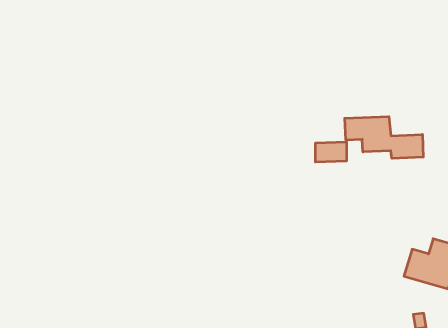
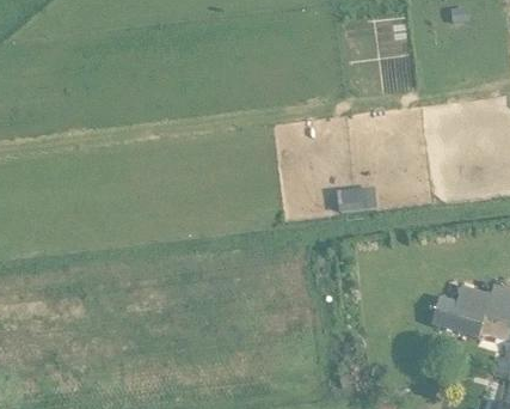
building: [345,117,423,158] -> none

